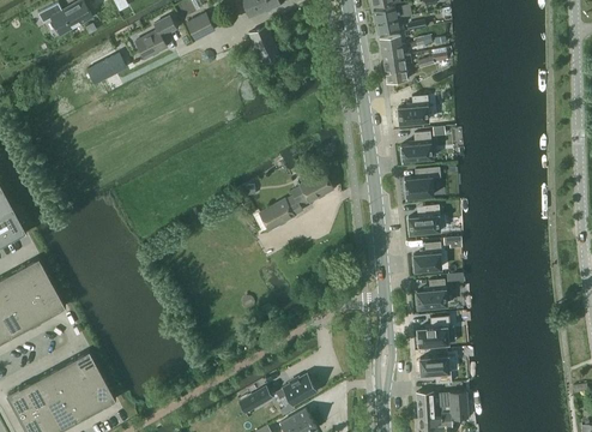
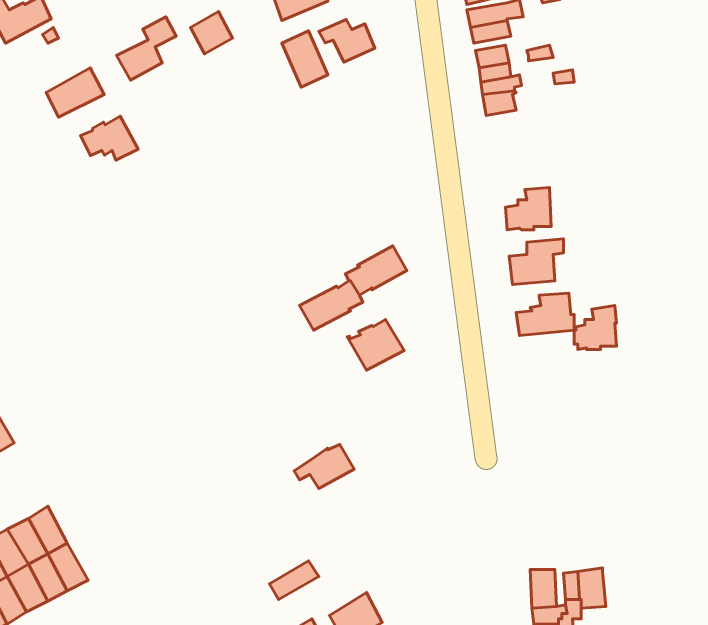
building: none -> [319,19,375,62]
building: none -> [81,116,138,160]
building: [397,95,428,124] -> none
building: none -> [347,320,404,370]
building: [412,241,441,271] -> [574,306,616,350]
building: [413,278,446,307] -> none
building: [417,314,451,344] -> none
building: [419,356,452,383] -> none
building: [276,374,316,404] -> [294,445,354,489]

